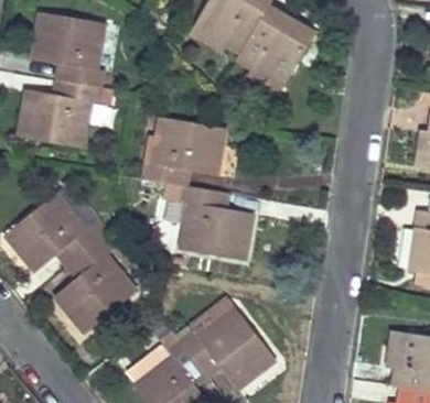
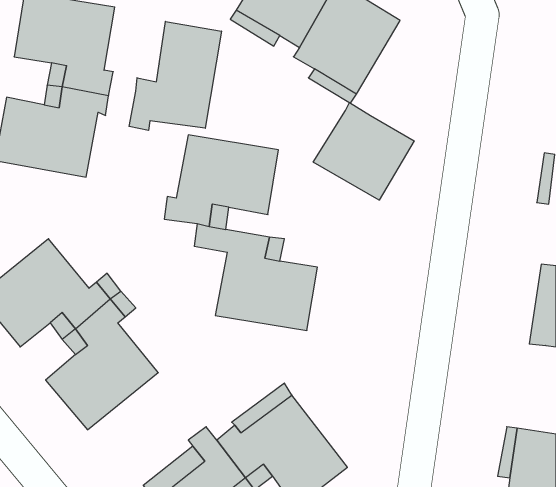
building: none -> [129,21,221,130]
building: none -> [313,103,414,200]

